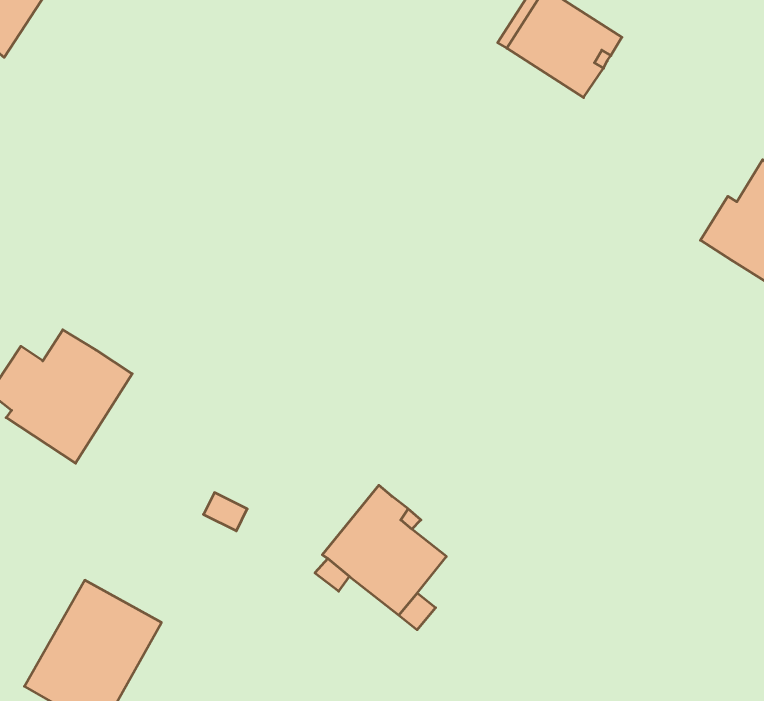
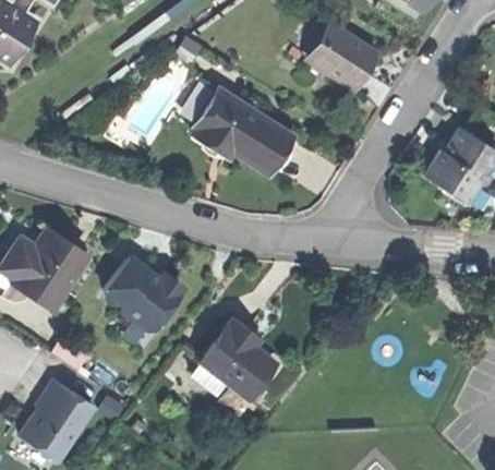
building: none -> [191,87,291,174]
building: none -> [102,251,190,333]

